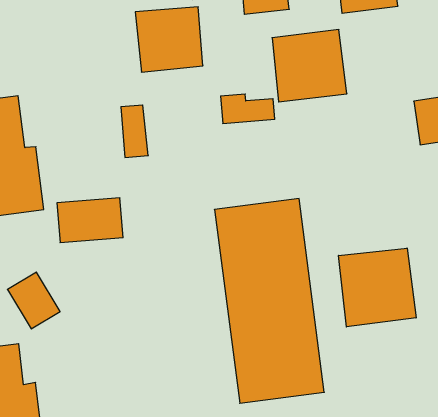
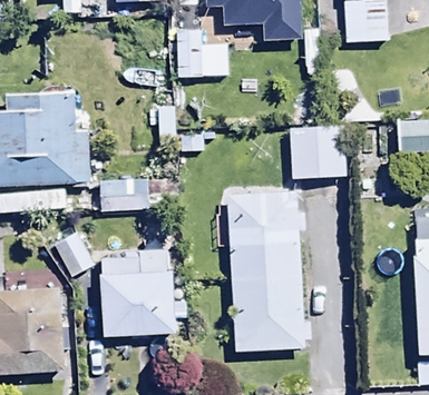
building: [272,30,347,102] -> [290,125,347,179]
building: [339,248,416,327] -> none
building: none -> [100,248,177,337]

